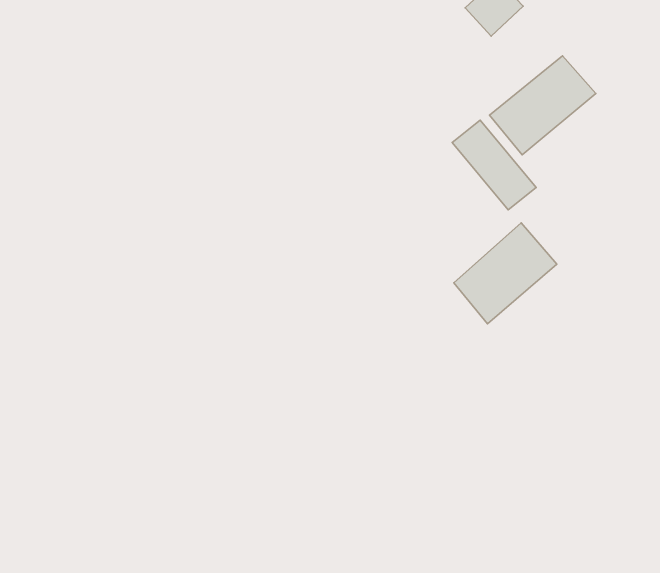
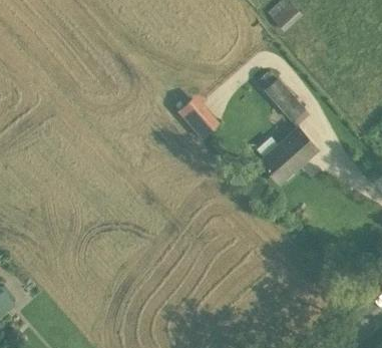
building: [489,56,596,155] -> none
building: none -> [176,94,221,139]

